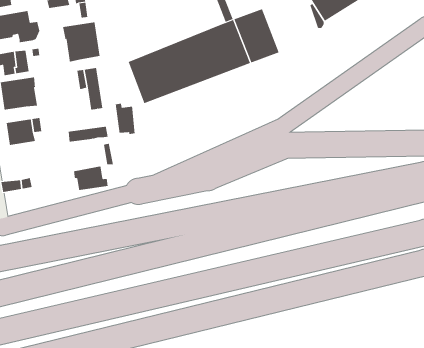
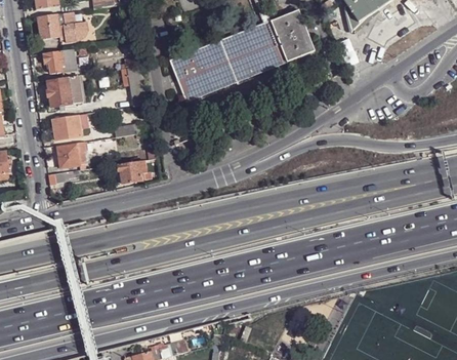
building: [63,22,100,63] -> none
building: [115,103,135,135] -> none
building: none -> [56,142,87,167]

